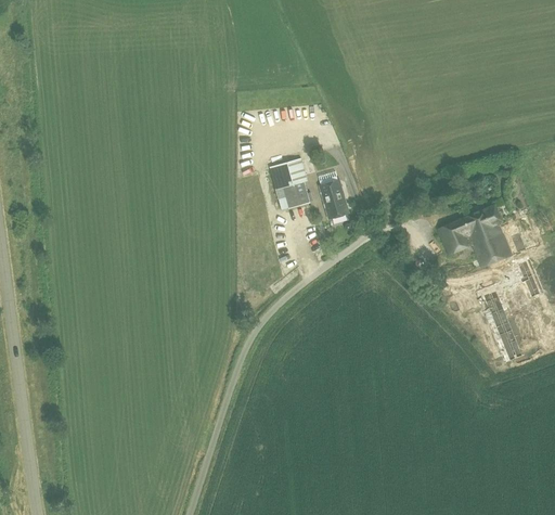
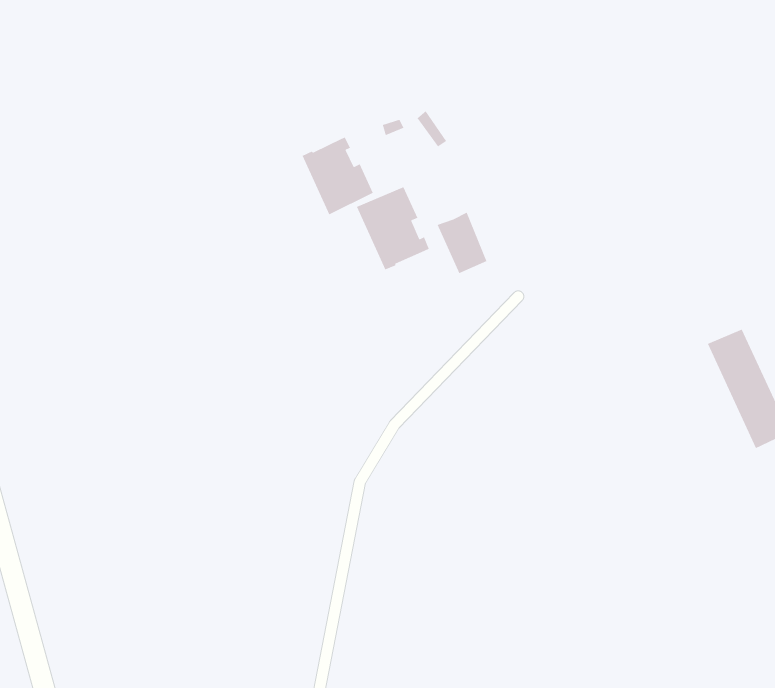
building: none -> [301,137,374,215]
building: [438,206,512,268] -> none

